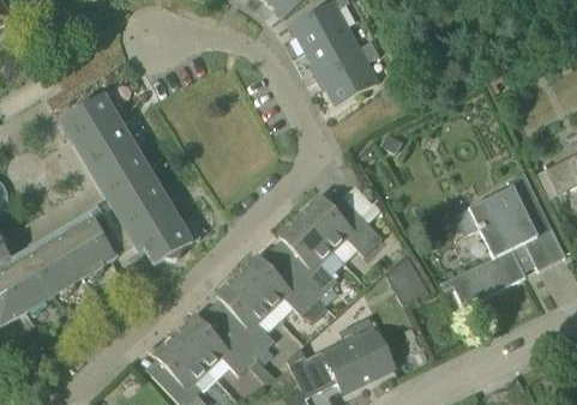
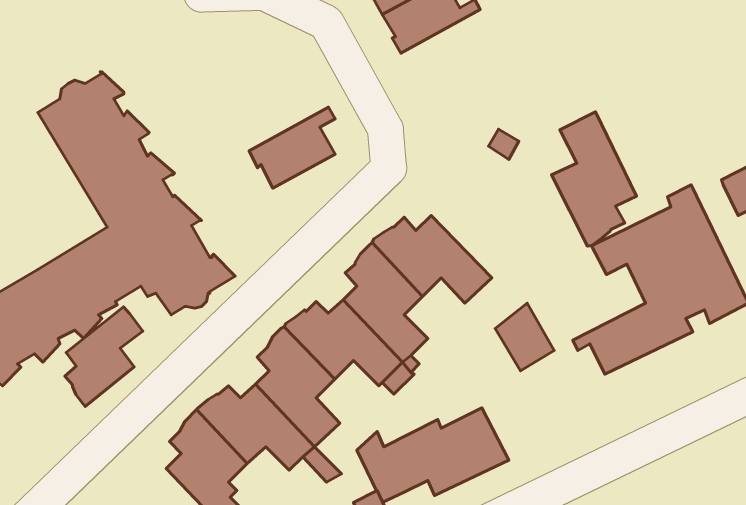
building: [317,47,378,104] -> [249,107,335,188]
building: none -> [551,112,636,246]
building: none -> [65,307,143,406]

